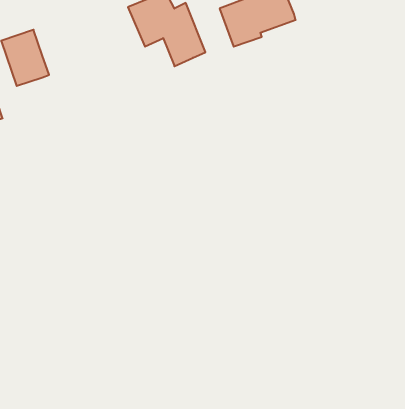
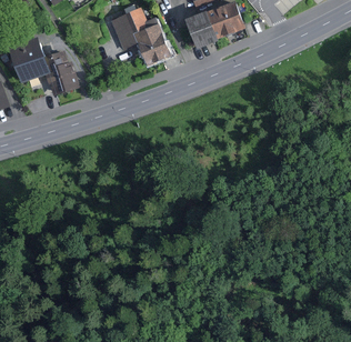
building: none -> [43,51,78,94]

